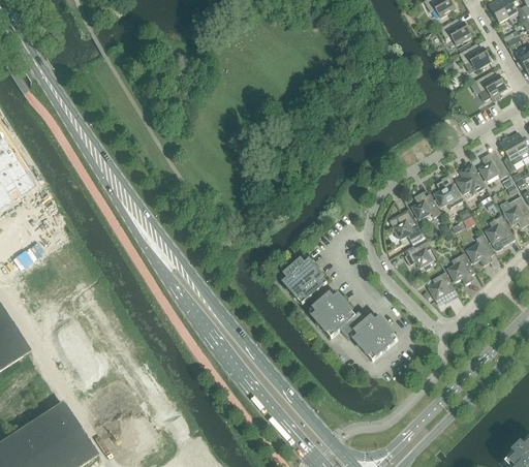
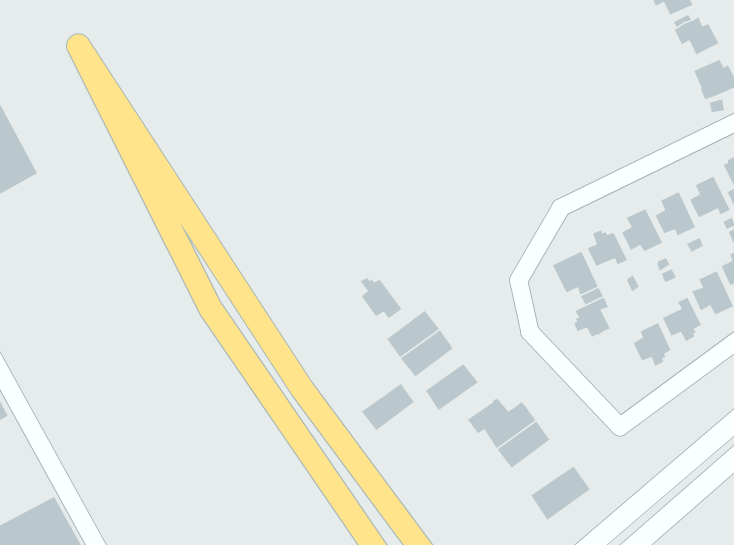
building: none -> [360,277,402,319]
building: [428,271,458,304] -> none
building: [319,303,355,337] -> [361,383,415,431]
building: none -> [530,466,591,521]

